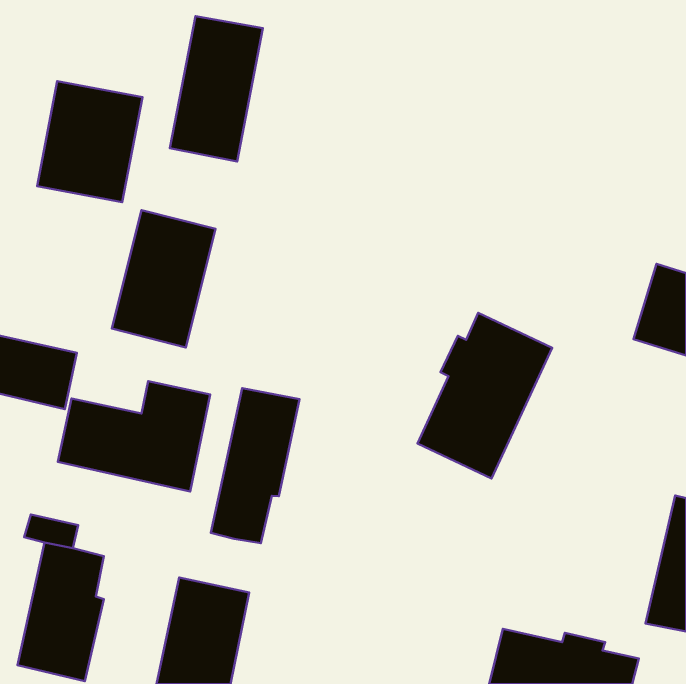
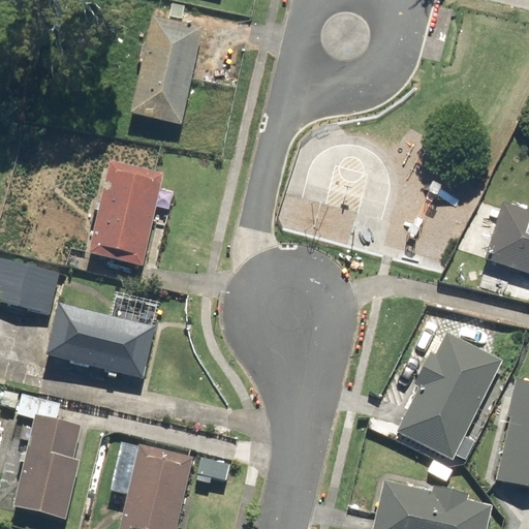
building: [37,81,142,202] -> none
building: [417,313,552,479] -> [398,334,501,461]
building: [211,388,299,543] -> none

